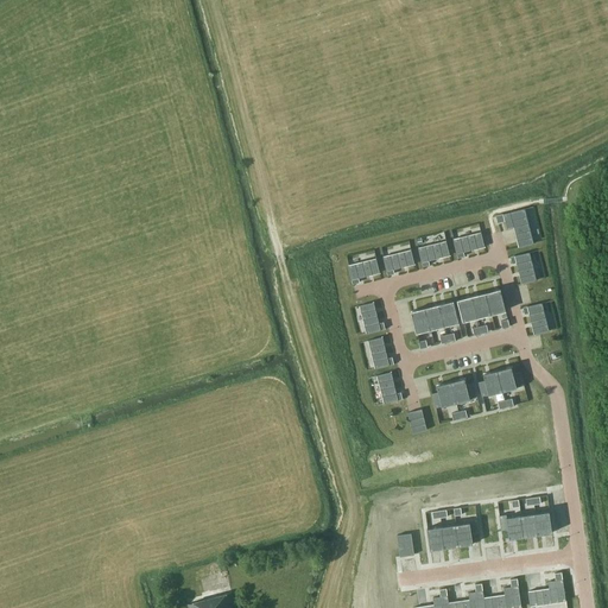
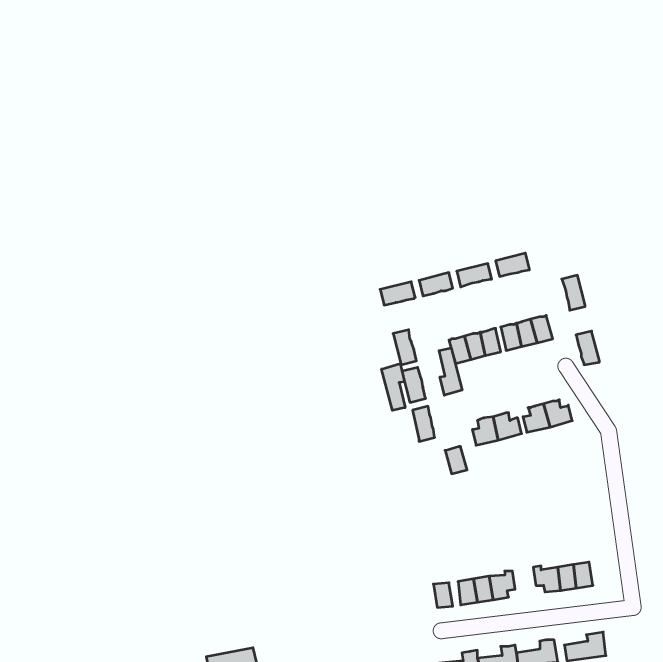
building: [504,210,533,248] -> none
building: none -> [439,348,462,395]
building: none -> [382,364,405,410]

